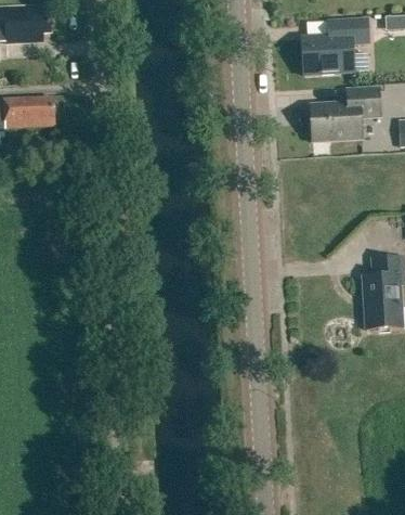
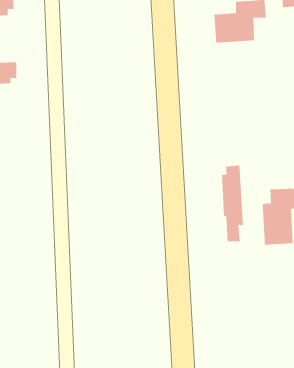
building: [311,87,381,141] -> none
building: none -> [221,165,244,242]

